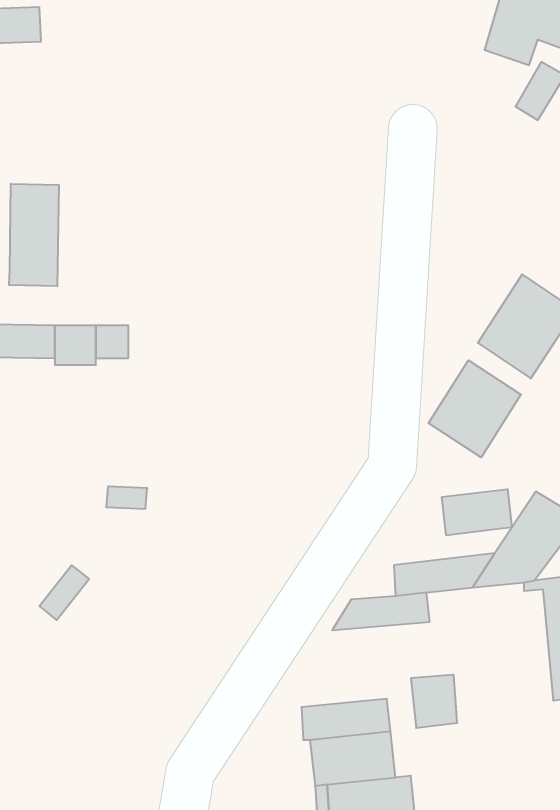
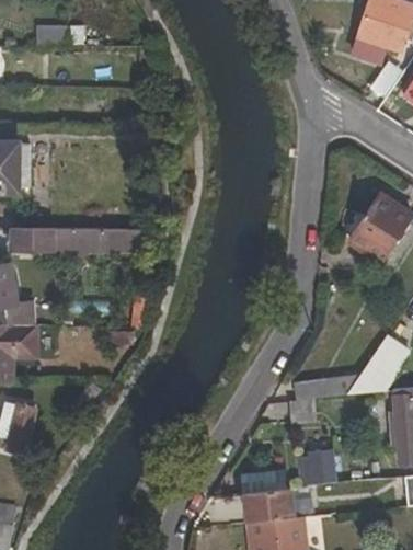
building: [9,184,59,286] -> none
building: [429,360,521,457] -> none
building: [442,489,512,535] -> none

